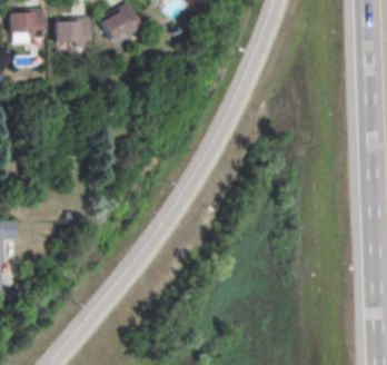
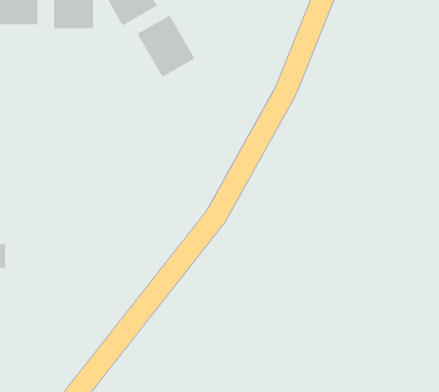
building: none -> [137,15,195,78]

